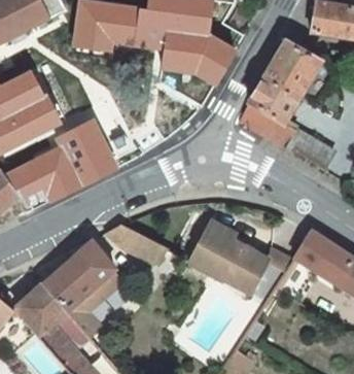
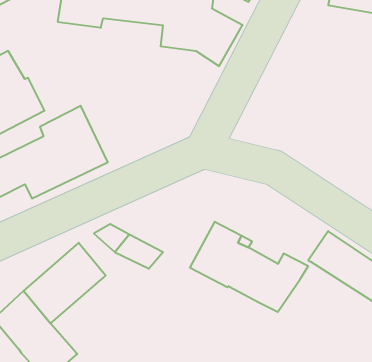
building: [239,40,332,169] -> none
building: [66,271,121,337] -> none

